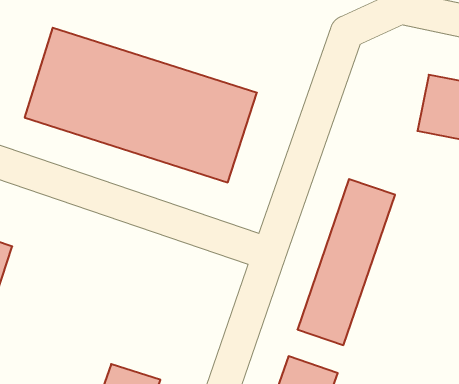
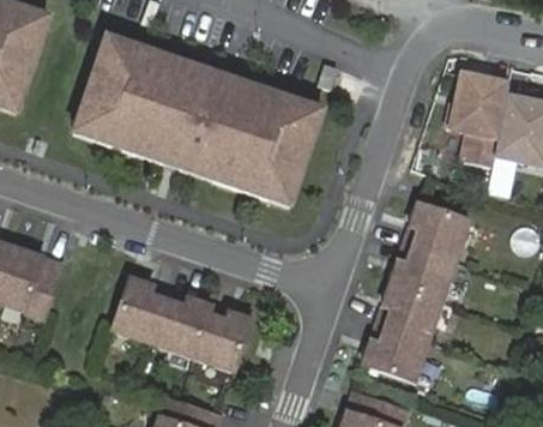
building: none -> [446,66,507,158]
building: none -> [111,278,251,369]

